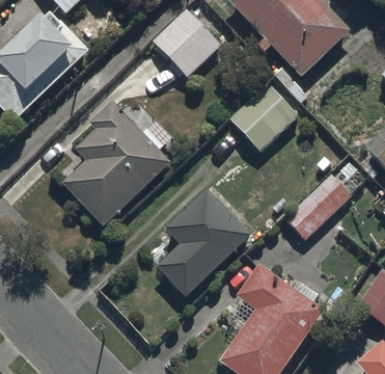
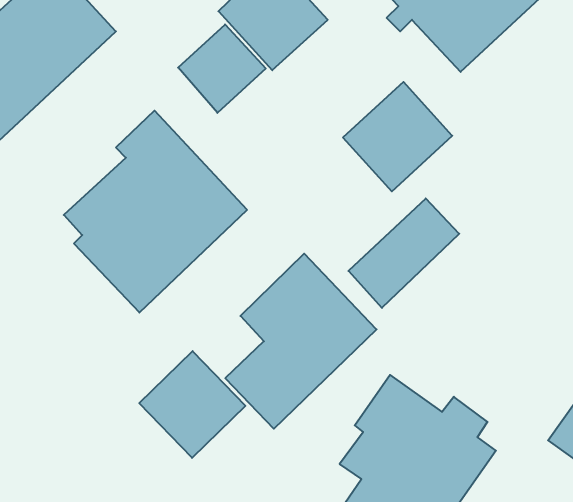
building: none -> [178,24,266,113]
building: [284,169,353,237] -> [348,198,459,308]
building: none -> [139,351,245,458]

